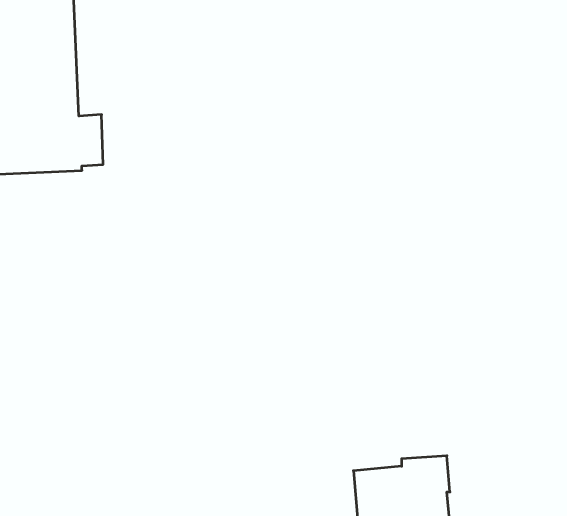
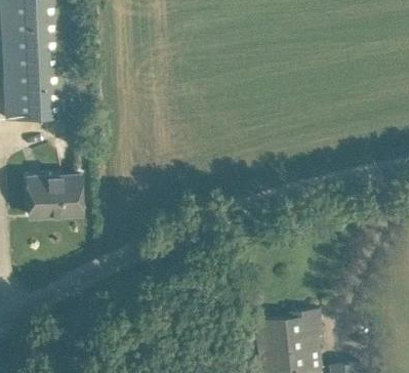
building: none -> [18,177,75,218]

